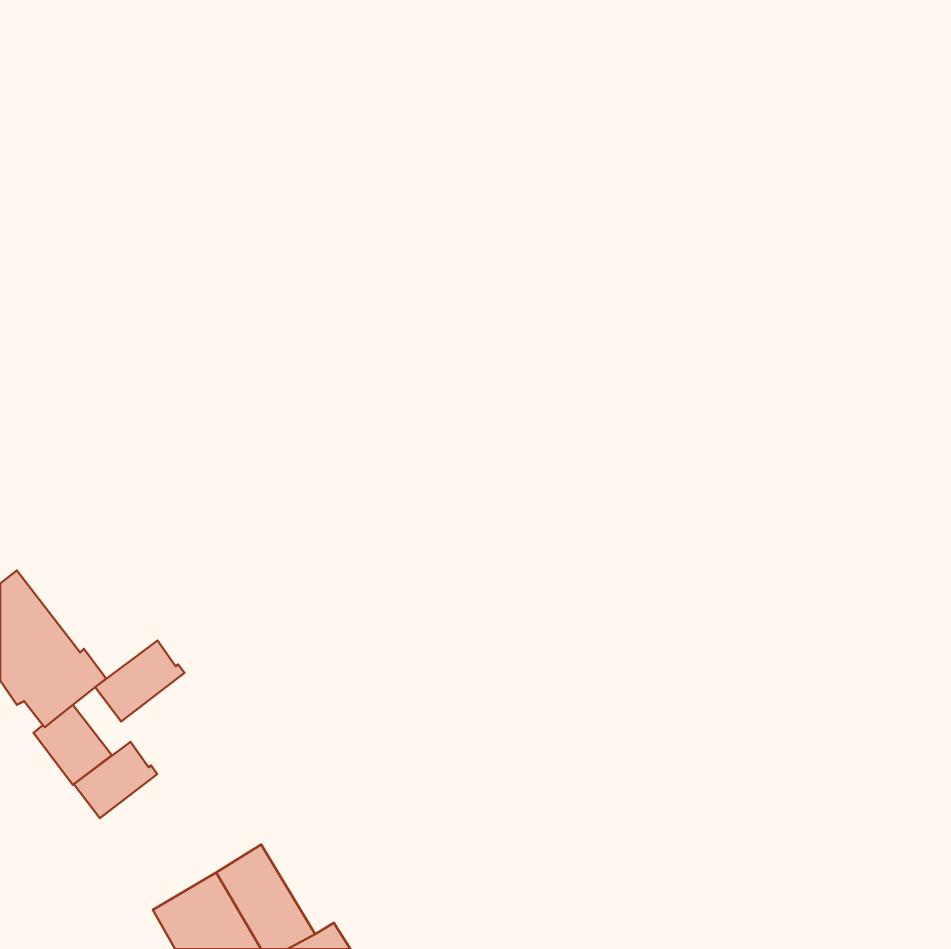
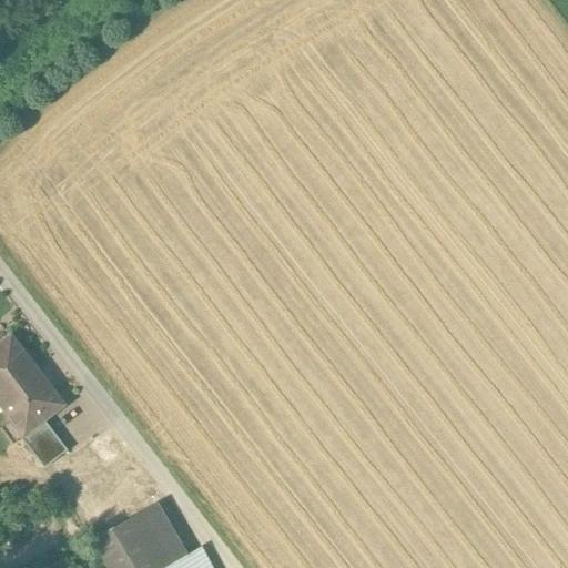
building: [95,641,184,722] -> none
building: [74,742,157,818] -> none

